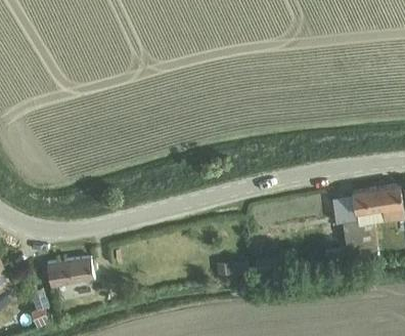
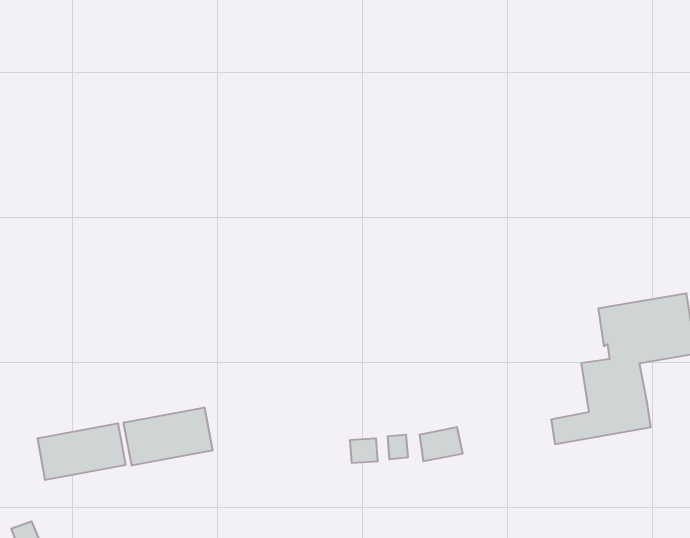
building: none -> [124,407,213,466]

